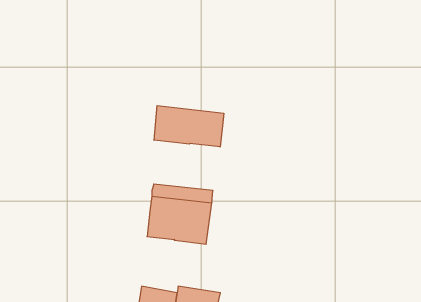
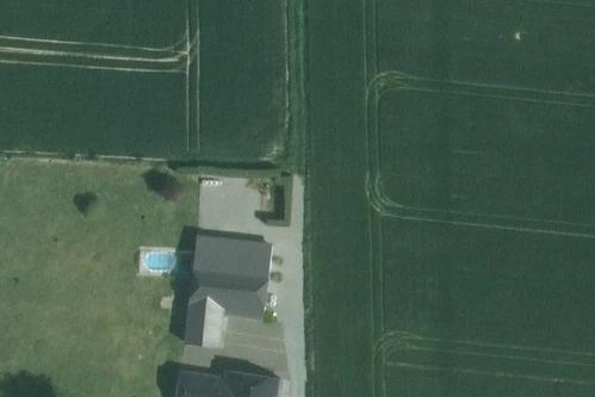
building: [154,106,224,147] -> none
building: none -> [185,309,223,347]

